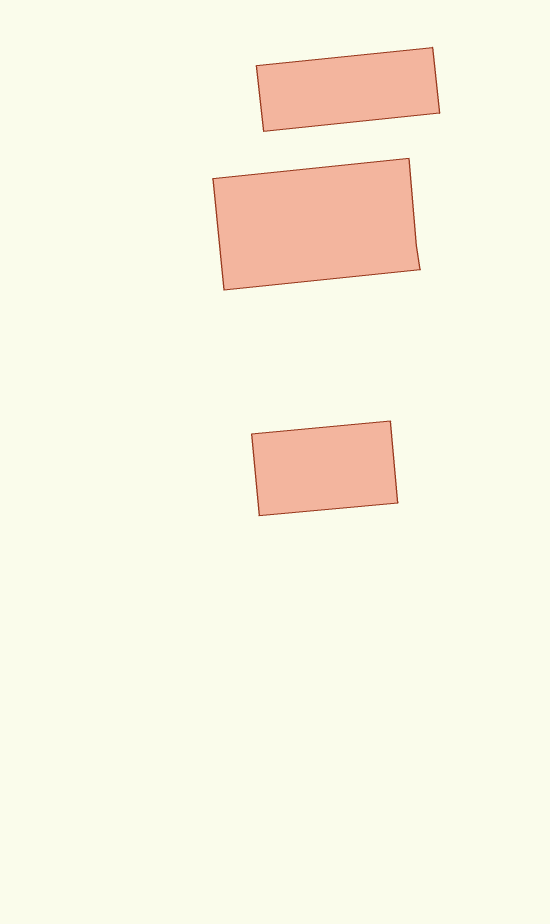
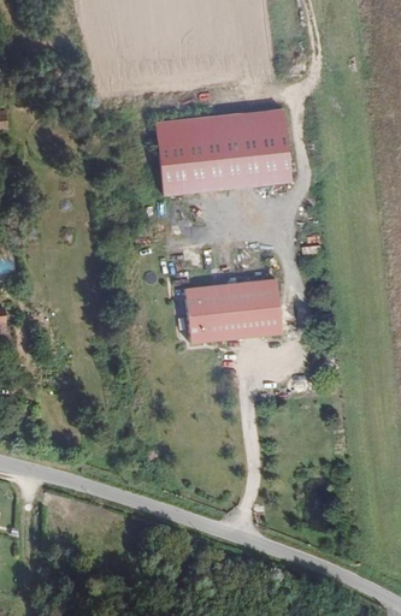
building: [257,47,439,131] -> none

